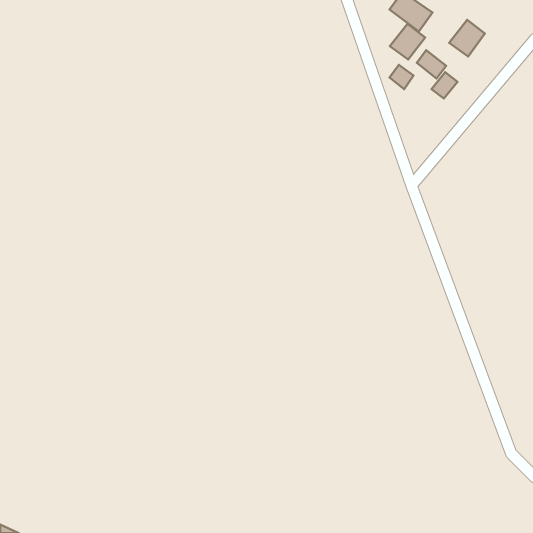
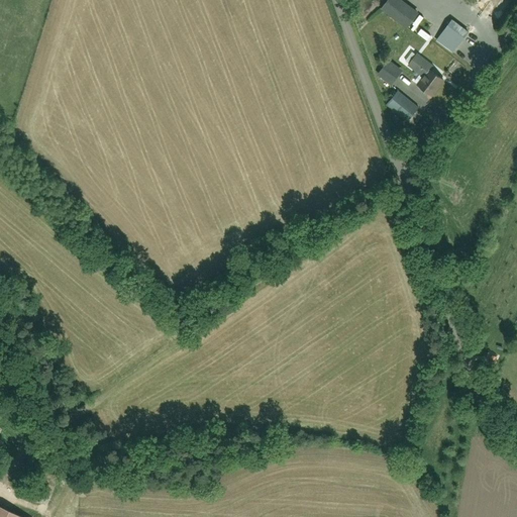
building: [390,24,425,59] -> none
building: none -> [388,90,418,120]

